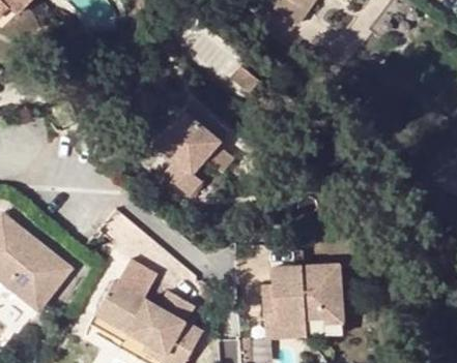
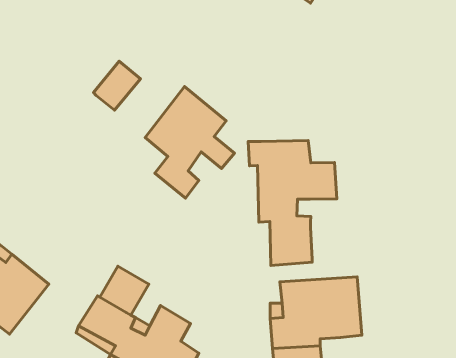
building: none -> [93,61,140,110]
building: none -> [248,141,337,266]

